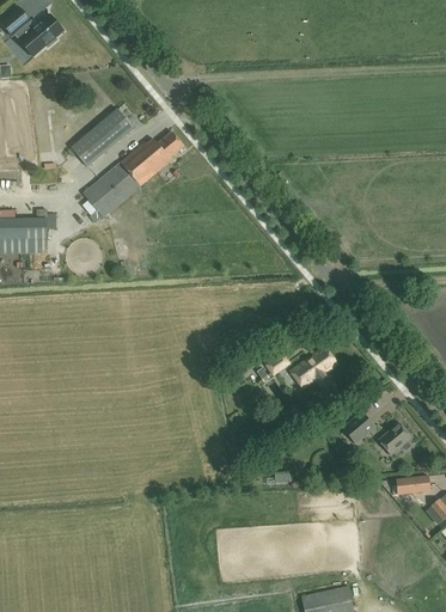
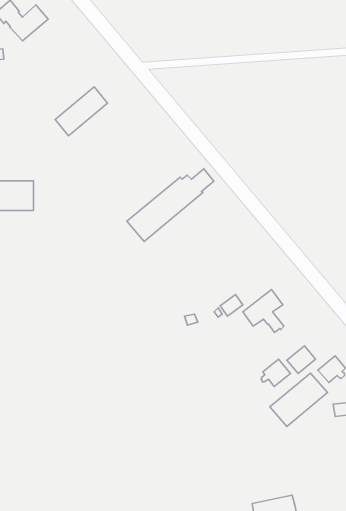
building: [83,131,184,216] -> [127,169,214,242]
building: none -> [261,359,291,386]
building: none -> [270,373,327,426]

